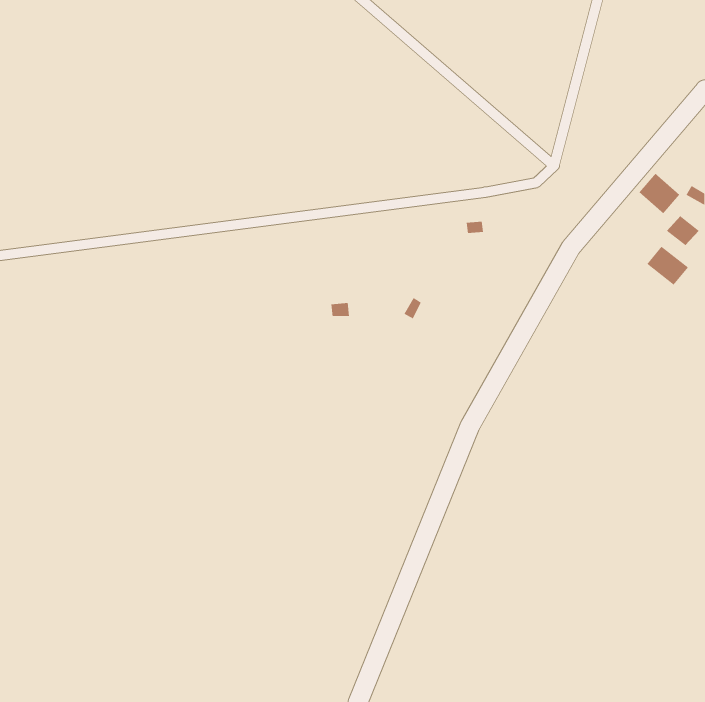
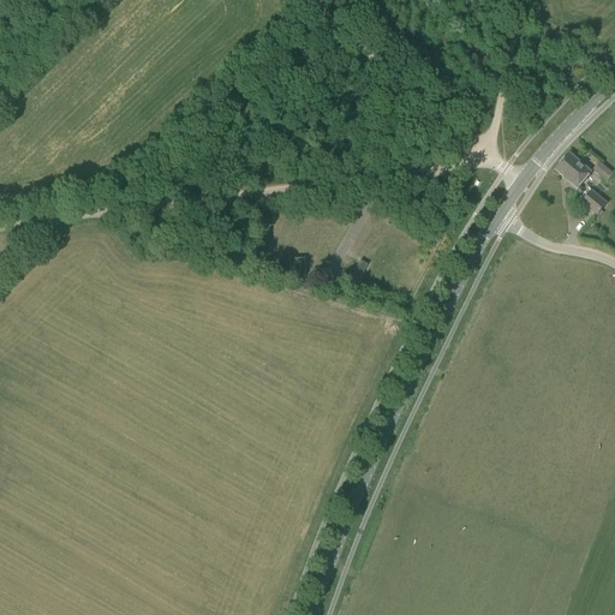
building: [647,246,689,285] -> none

